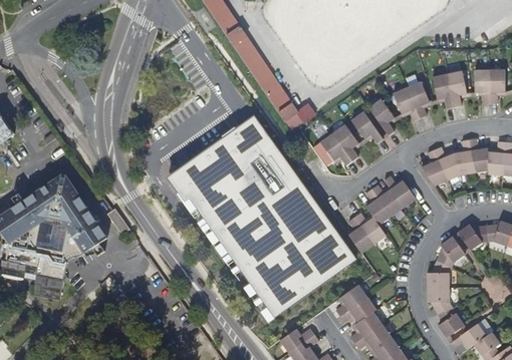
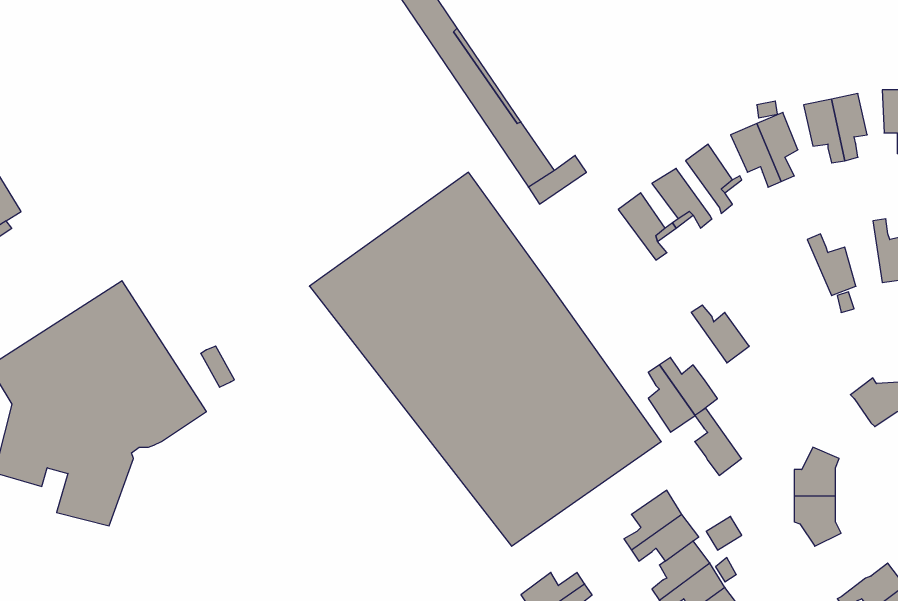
building: [320,133,352,165] -> none
building: [454,139,474,174] -> none
building: [421,149,447,186] -> none
building: [383,175,416,207] -> none
building: [365,189,391,225] -> [695,408,742,475]
building: [437,236,465,267] -> none
building: [438,307,464,337] -> none

